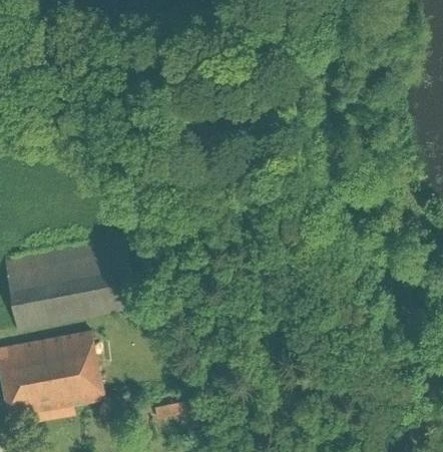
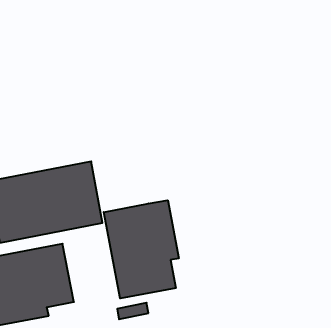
building: none -> [104,200,179,298]

